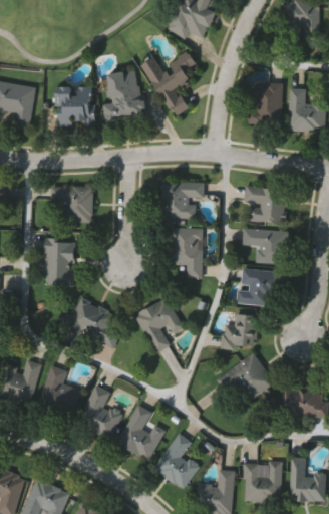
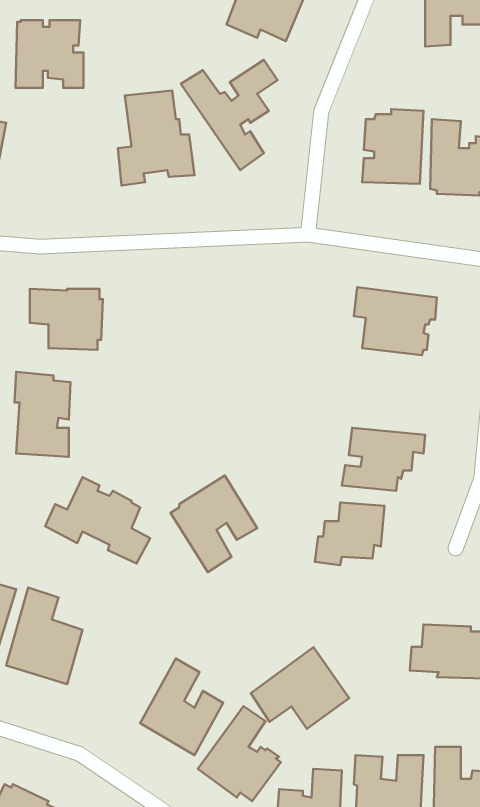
building: [55,85,95,125] -> [16,20,83,88]
building: [158,180,206,217] -> none
building: [171,228,203,278] -> none
building: [243,229,292,265] -> none
building: [218,350,276,399] -> [251,647,349,729]
building: [77,386,123,439] -> none

